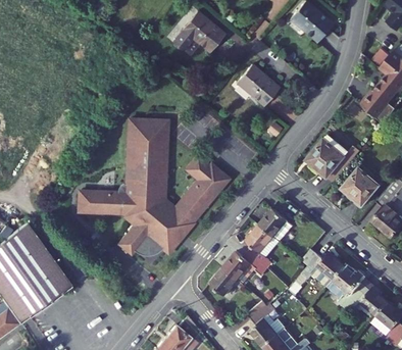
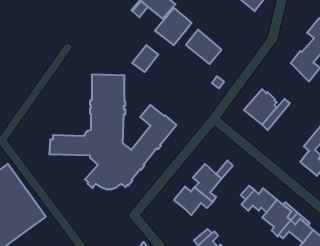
building: none -> [155,8,192,45]
building: none -> [132,45,158,72]
building: [341,168,380,207] -> none
building: [260,208,287,236] -> none
building: [210,266,238,295] -> none

